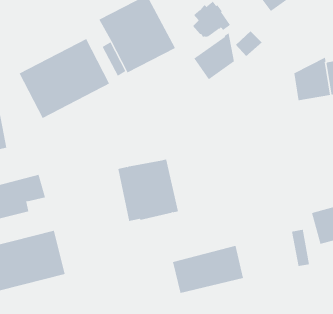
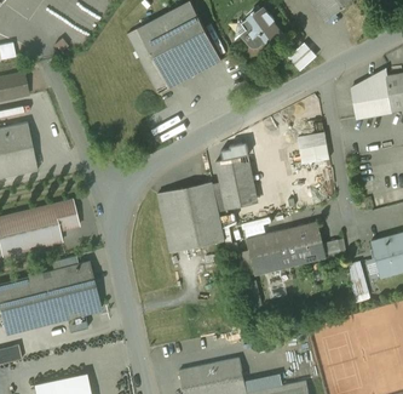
building: [193,32,234,80] -> none
building: [19,38,111,119] -> none
building: none -> [297,130,328,161]
building: none -> [215,155,247,198]
building: [172,245,244,294] -> [248,221,327,274]

